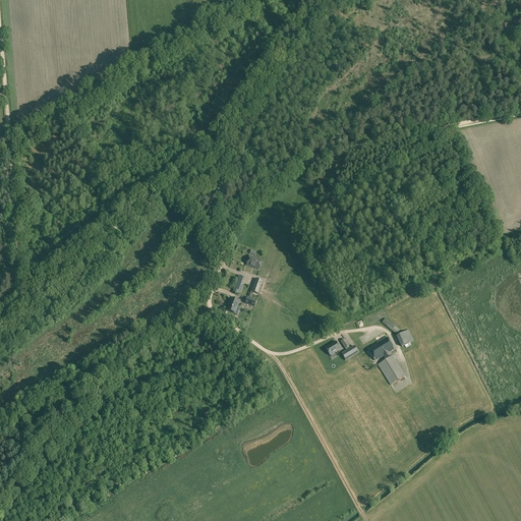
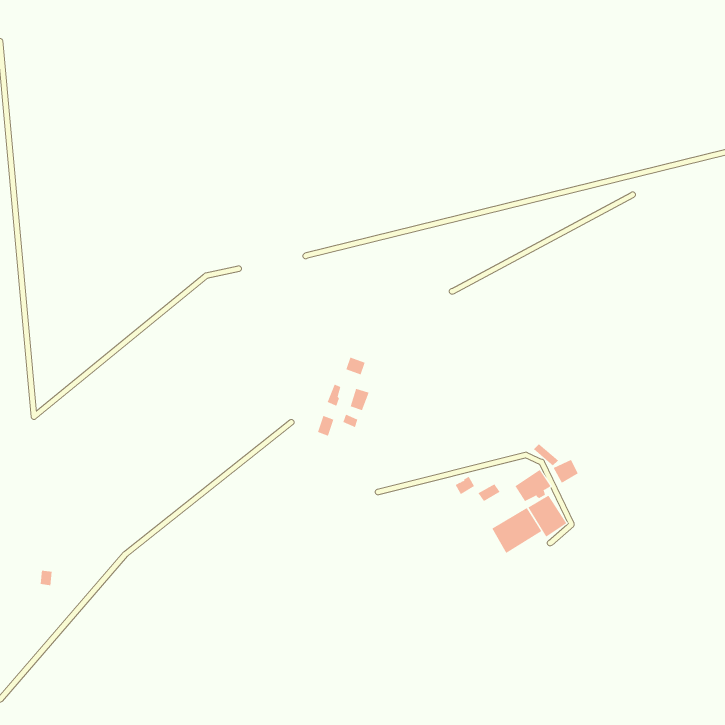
building: none -> [491,507,542,554]

